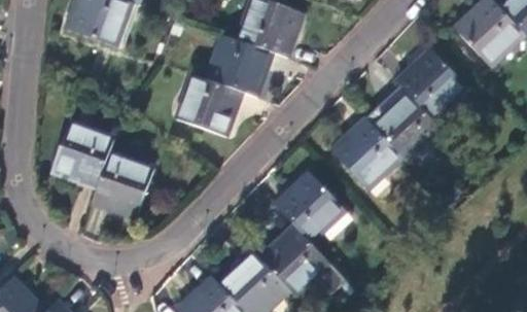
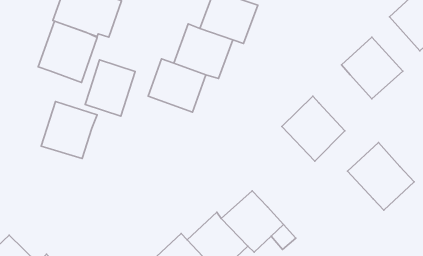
building: none -> [38,21,97,83]
building: [373,92,450,170] -> [347,143,414,210]
building: [94,153,151,218] -> [85,60,135,116]
building: [275,171,359,244] -> none

